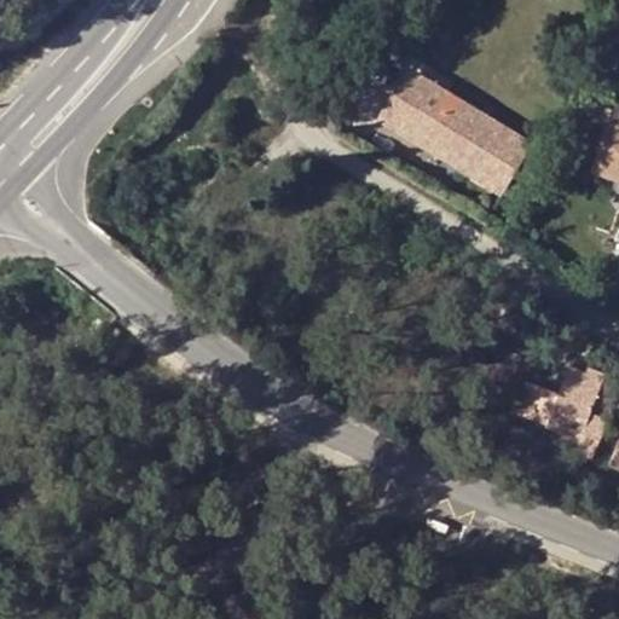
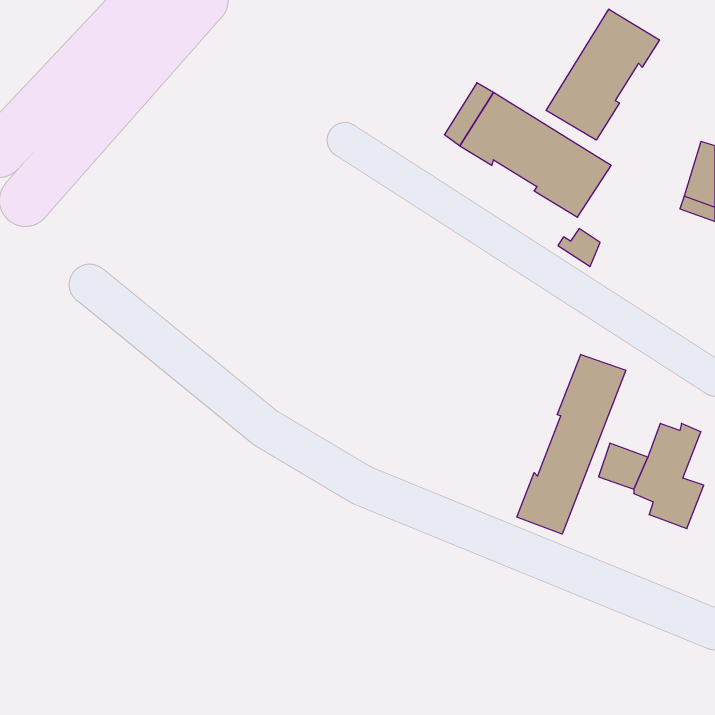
building: none -> [546,9,659,140]
building: none -> [517,354,626,534]

